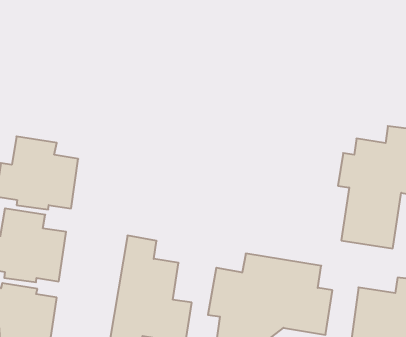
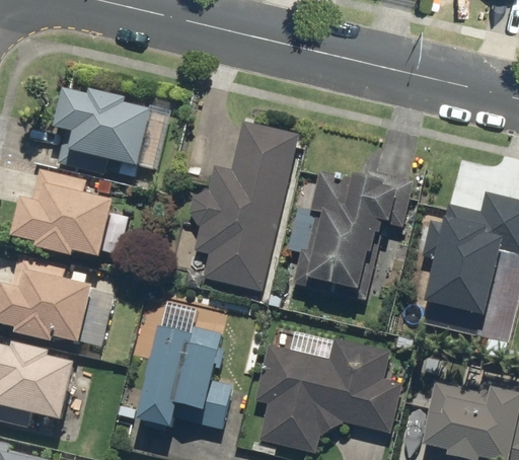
building: none -> [52,89,152,173]
building: none -> [194,119,299,292]
building: none -> [292,169,414,301]

